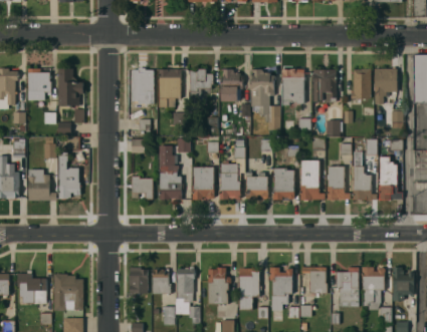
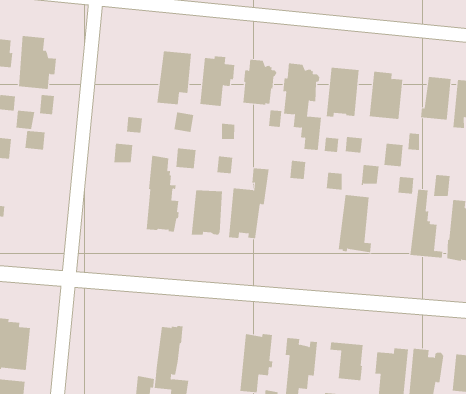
building: [131,68,154,104] -> none
building: [57,152,79,201] -> none
building: [326,167,349,200] -> none
building: [272,169,293,200] -> none
building: [246,173,267,200] -> none
building: [131,176,152,200] -> none
building: [128,268,147,297] -> none
building: [207,268,229,304] -> none
building: [152,269,170,294] -> none

